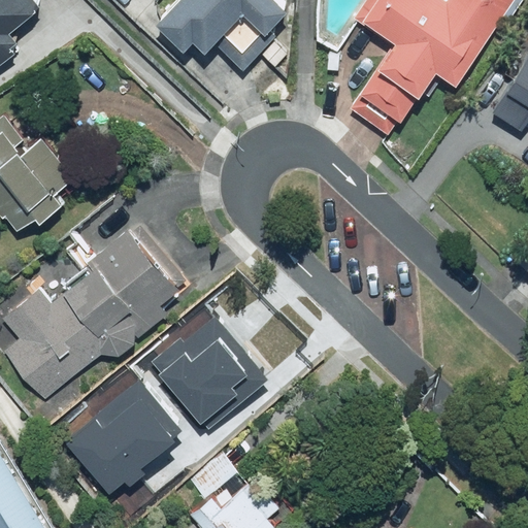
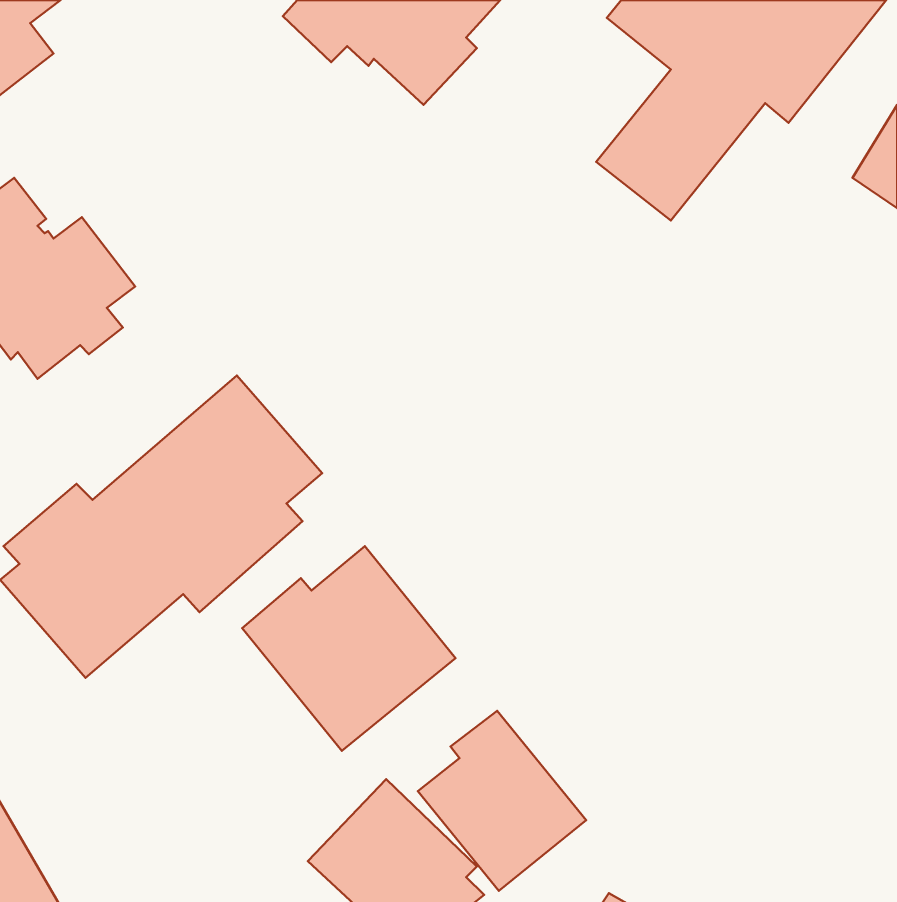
building: [57,381,180,498] -> none
building: none -> [418,711,586,891]

